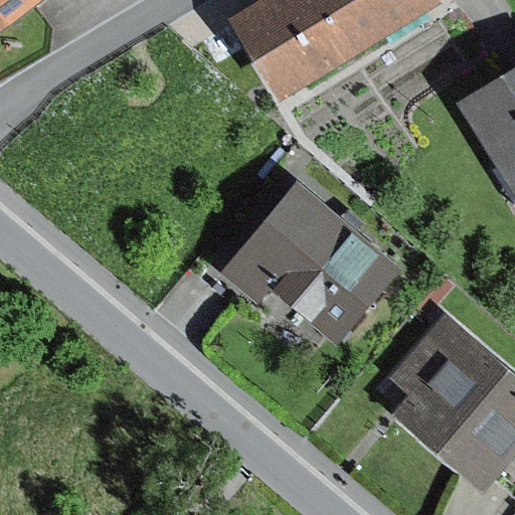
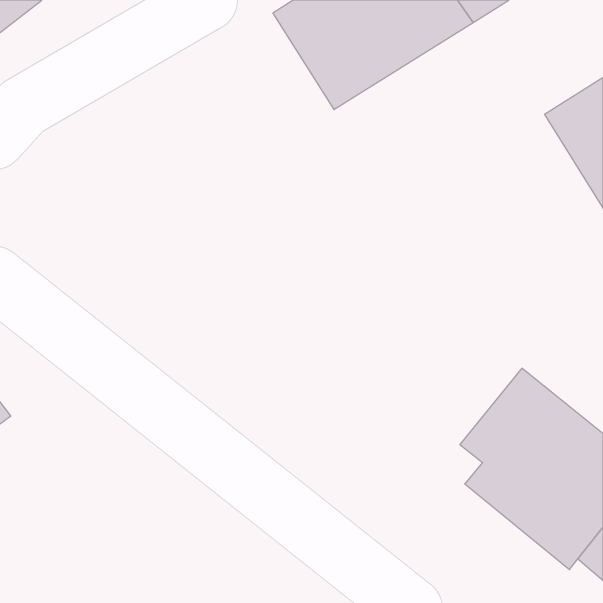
building: [219,179,402,345] -> none

